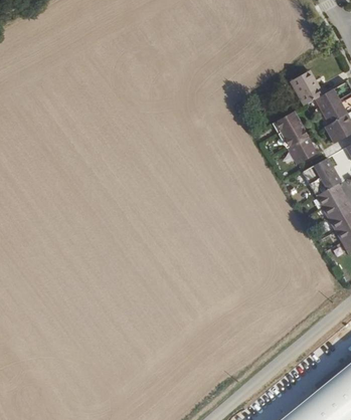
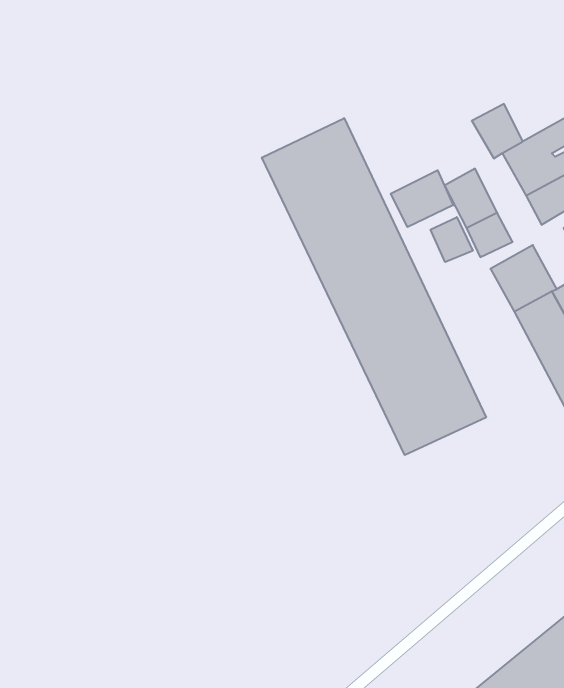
building: none -> [262,118,486,455]
building: none -> [391,170,453,227]
building: none -> [431,217,473,262]

